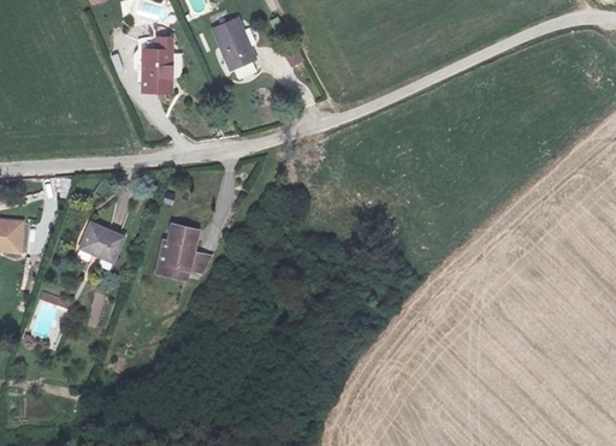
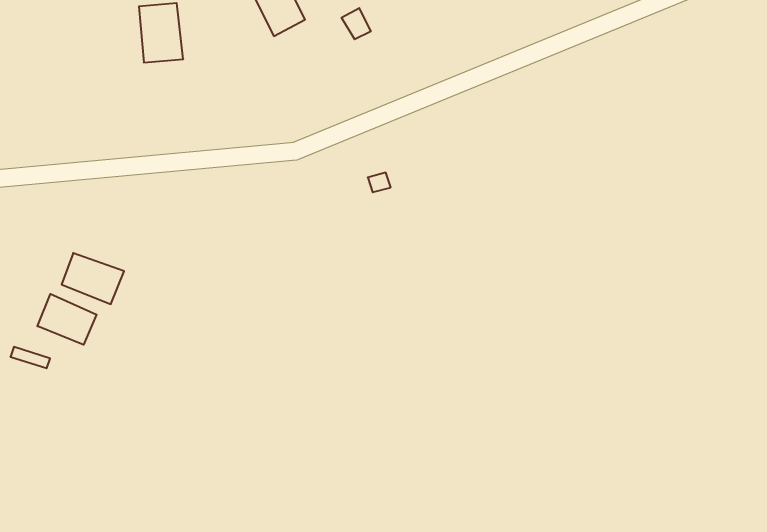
building: [156,231,192,276] -> none
building: none -> [37,294,97,345]

